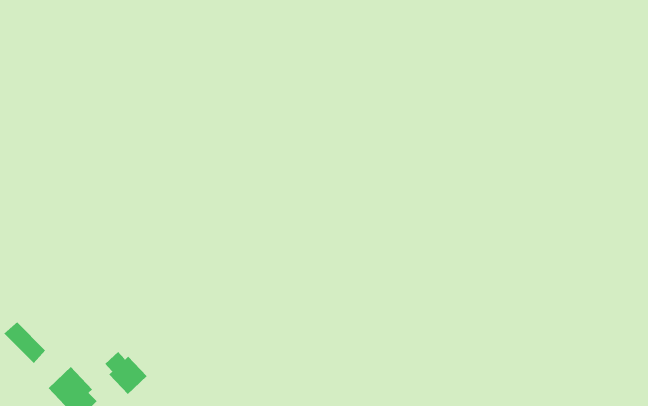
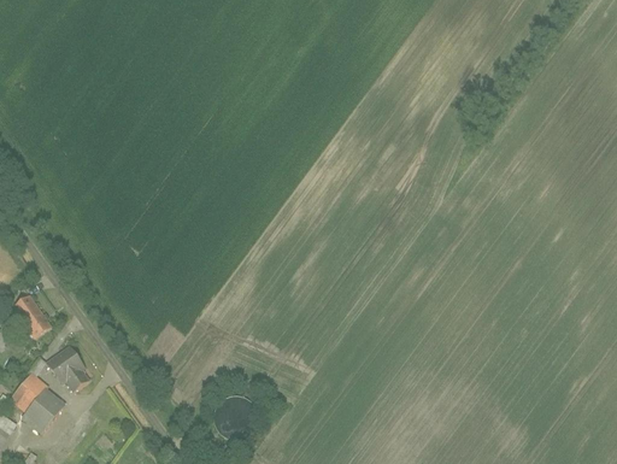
building: [105,351,147,395] -> none

